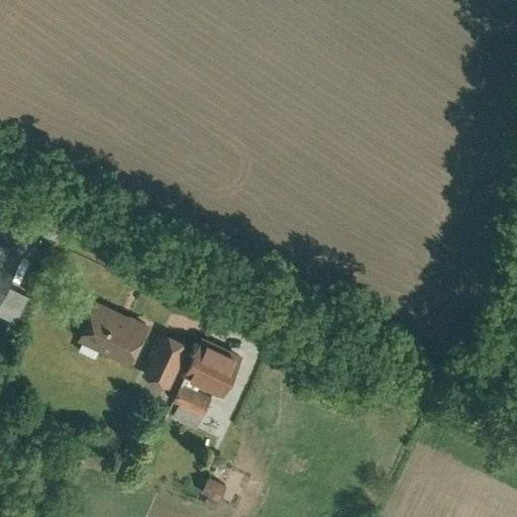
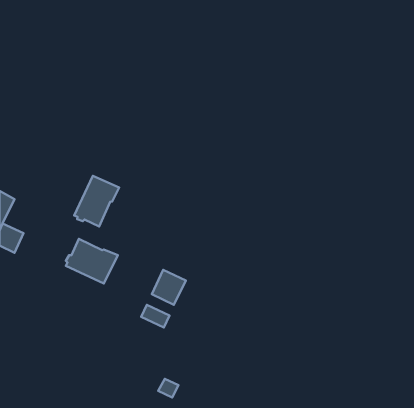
building: none -> [74,176,119,227]
building: [145,335,189,387] -> none

